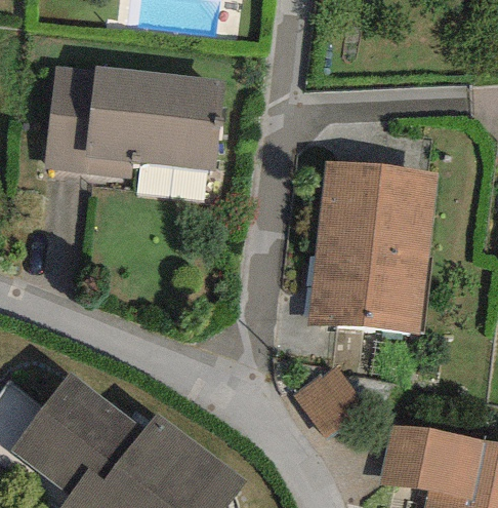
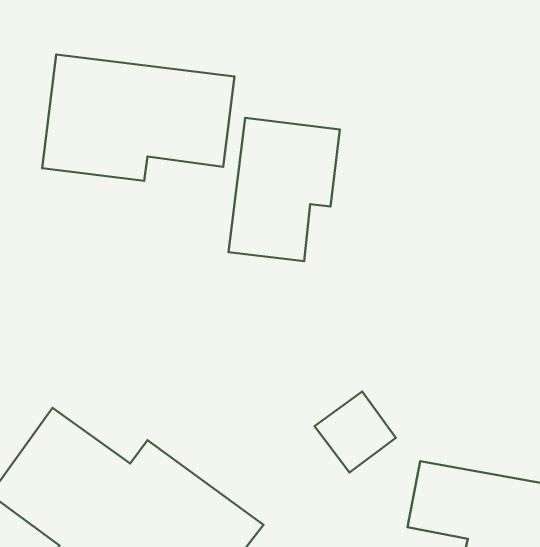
building: none -> [229,118,340,261]
building: [307,162,438,334] -> none

